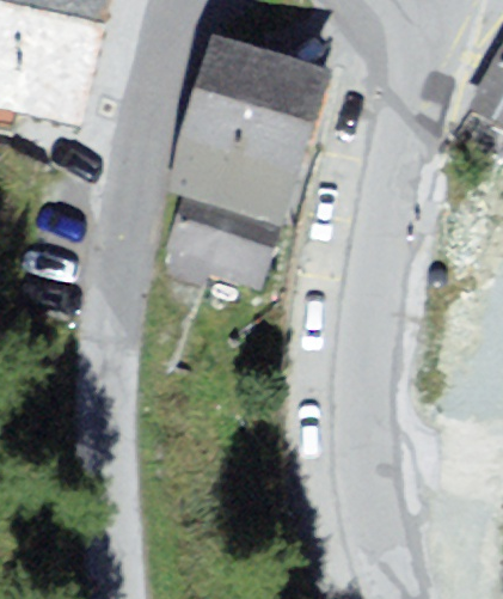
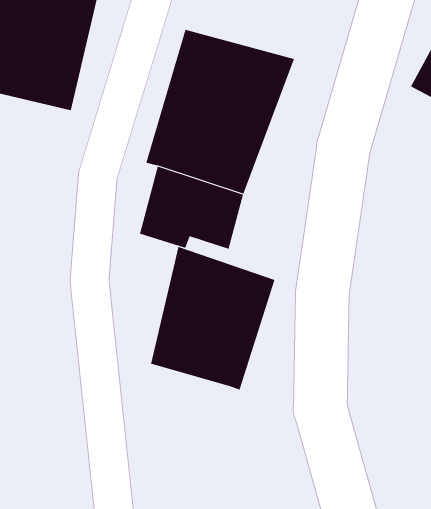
building: none -> [150,246,275,390]

